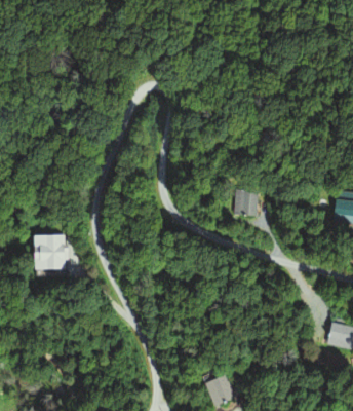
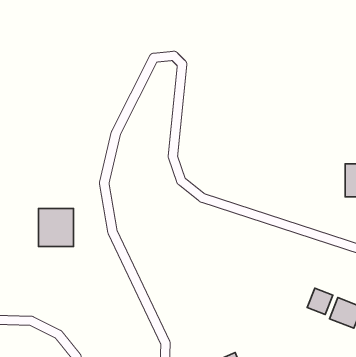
building: [236,188,262,216] -> none
building: none -> [307,288,333,315]

